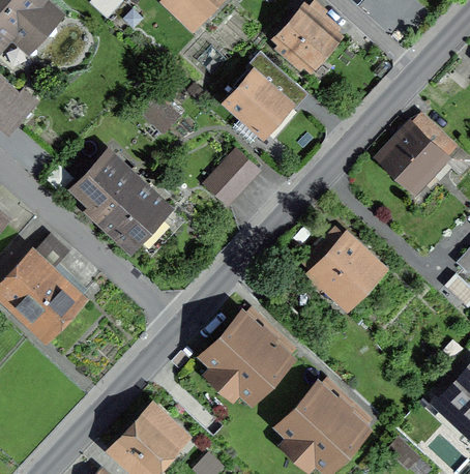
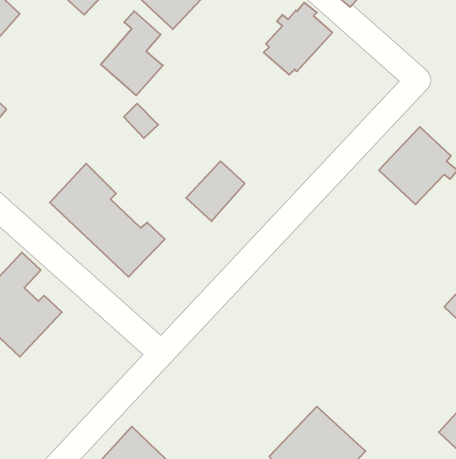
building: [227,54,285,132] -> [101,11,163,95]
building: [304,233,377,306] -> none
building: [204,310,294,399] -> none

